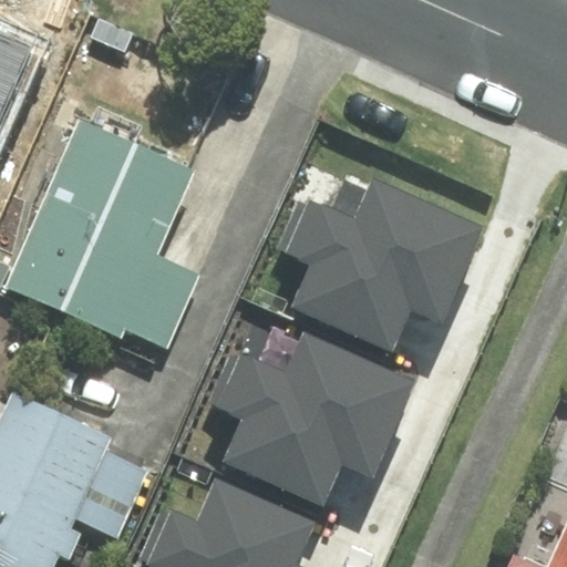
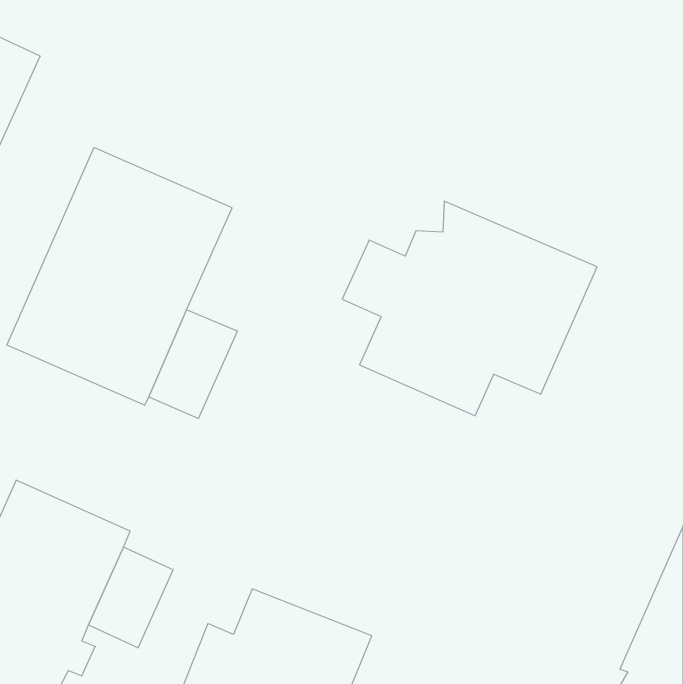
building: [209,336,415,502] -> none

